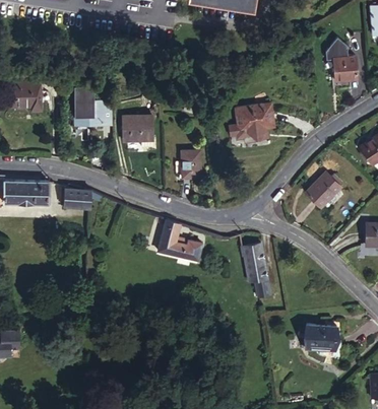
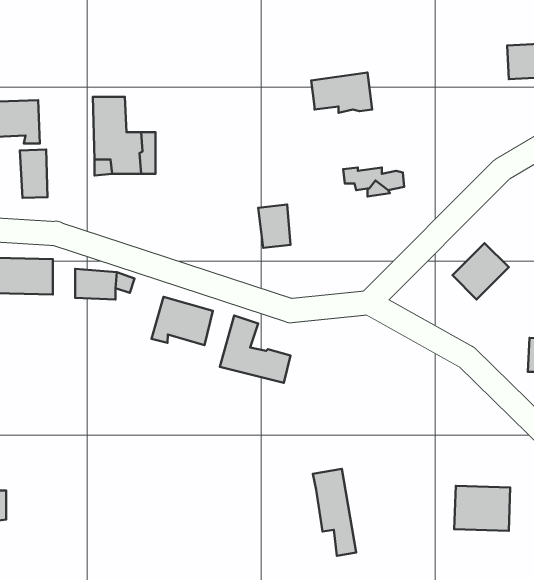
building: [242,104,280,129] -> [311,73,372,113]
building: none -> [20,150,48,198]
building: [125,114,158,140] -> none
building: none -> [152,297,213,345]
building: [243,243,270,297] -> [313,469,356,556]

